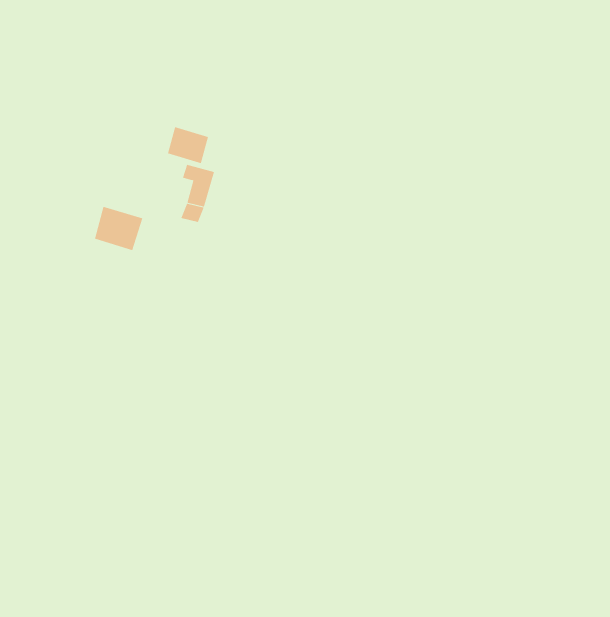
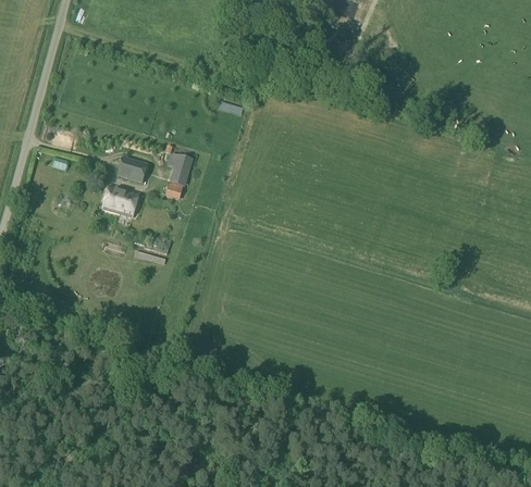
building: [167,127,209,164] -> [118,154,148,182]

